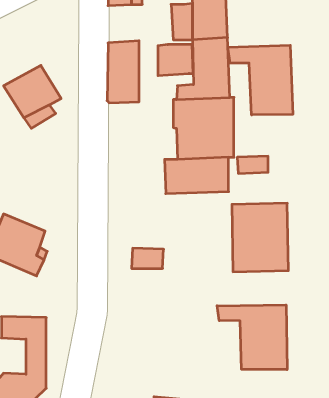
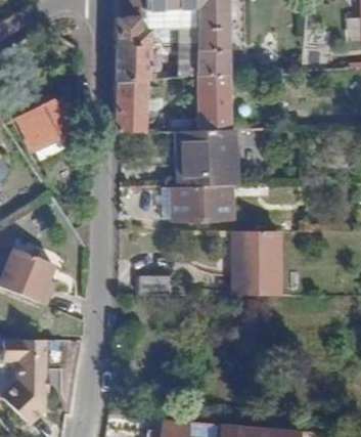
building: [158,45,193,76] -> [117,48,150,78]
building: [228,45,293,115] -> none
building: [217,305,287,370] -> none

